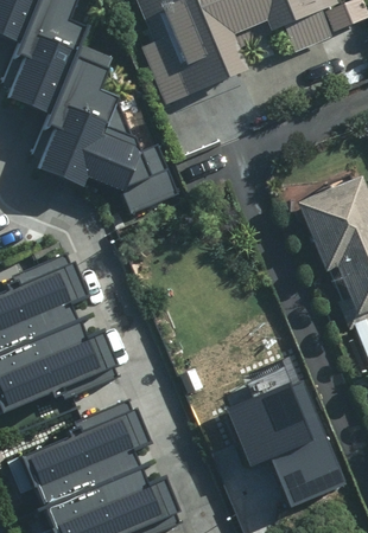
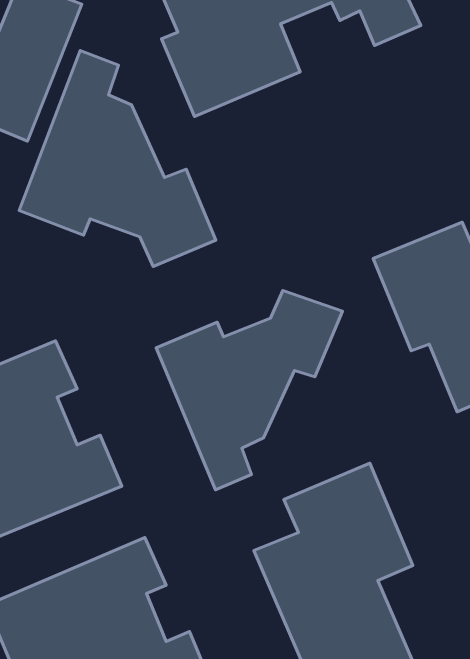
building: none -> [156,290,343,490]

